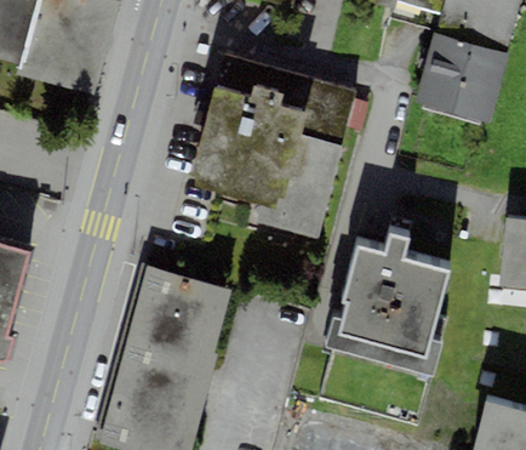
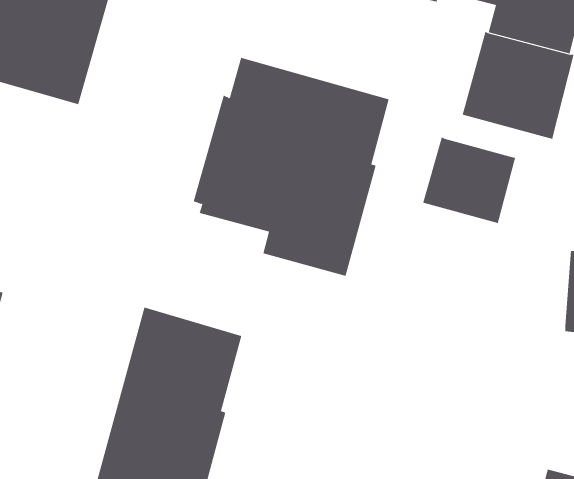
building: none -> [422,136,516,224]
building: [325,234,450,375] -> none

